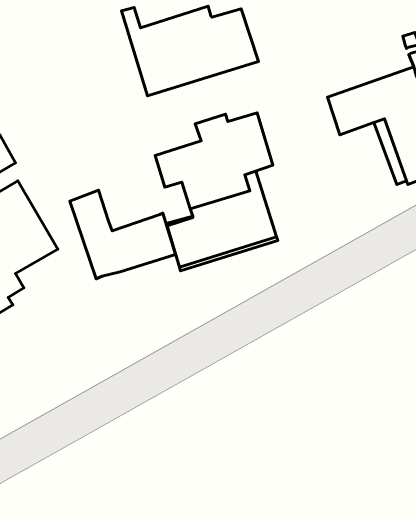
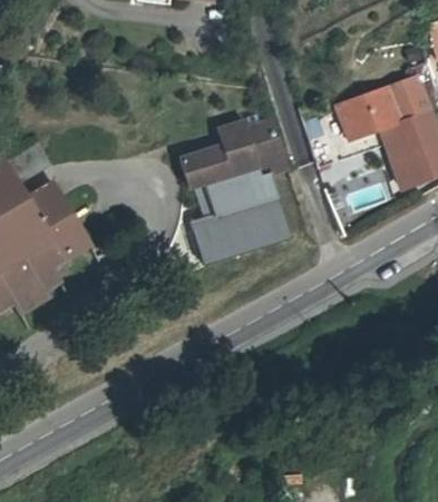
building: [121,6,258,96] -> none
building: [70,190,176,279] -> none

